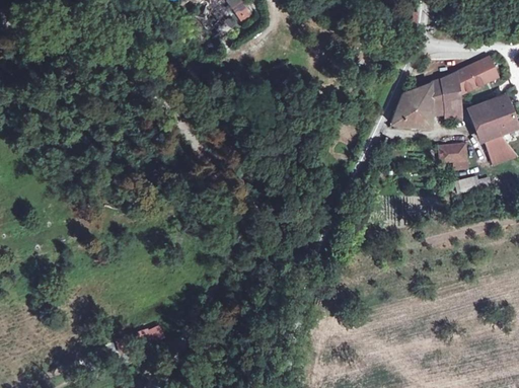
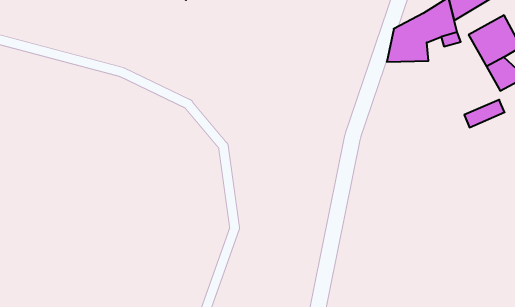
building: [440,144,466,162] -> none

